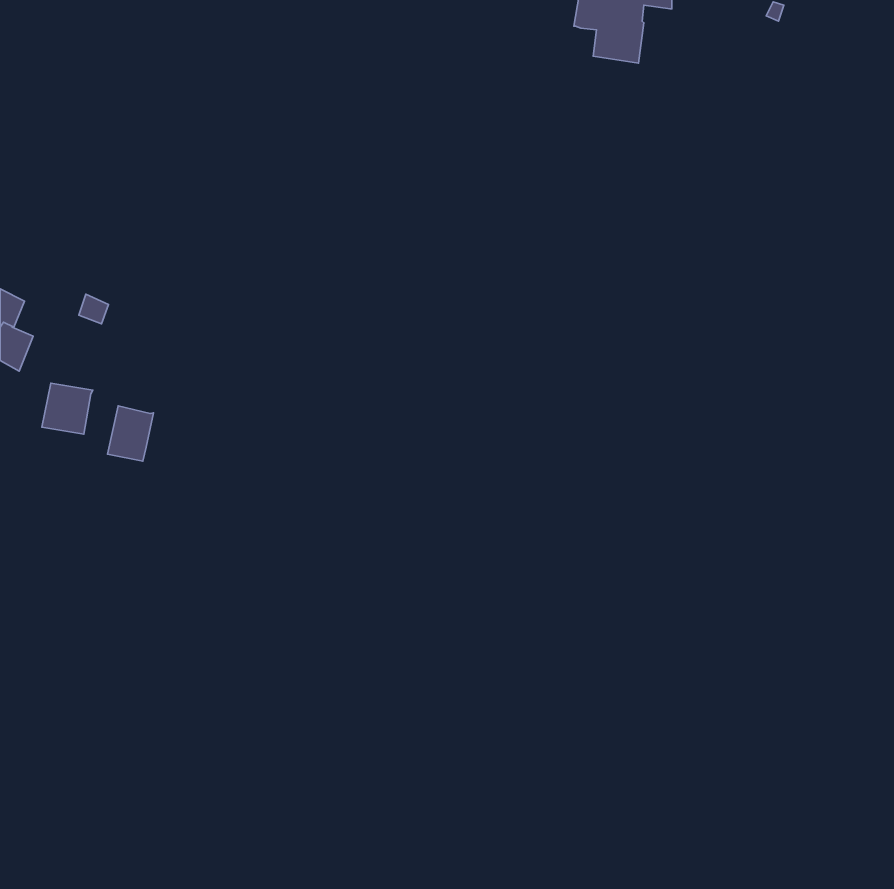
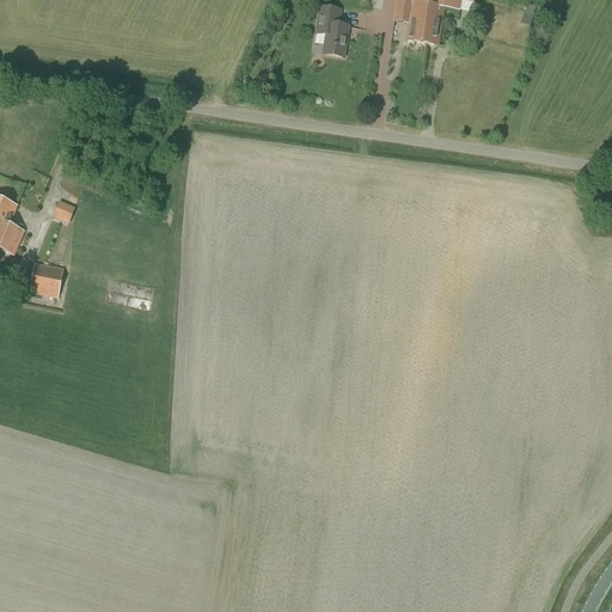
building: none -> [317,6,347,55]
building: [108,406,154,461] -> none

